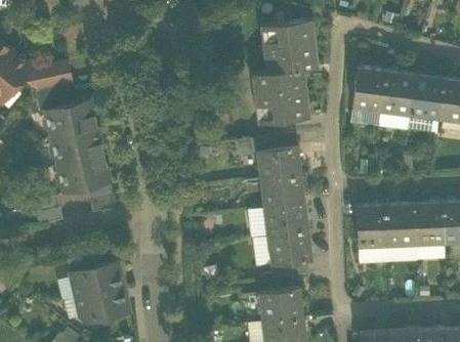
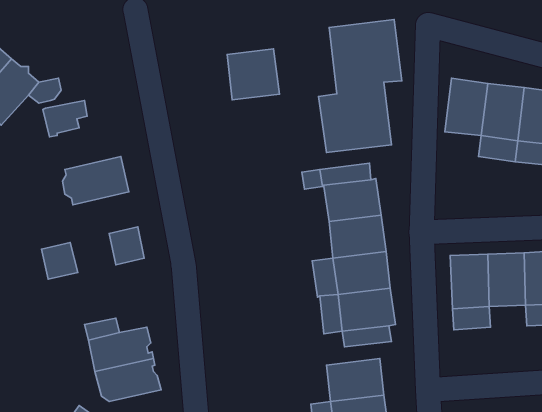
building: none -> [227,49,280,100]
building: [32,61,73,90] -> none
building: [44,100,96,138] -> none
building: [56,156,109,194] -> none

